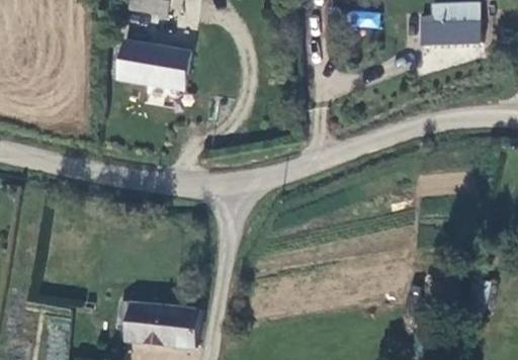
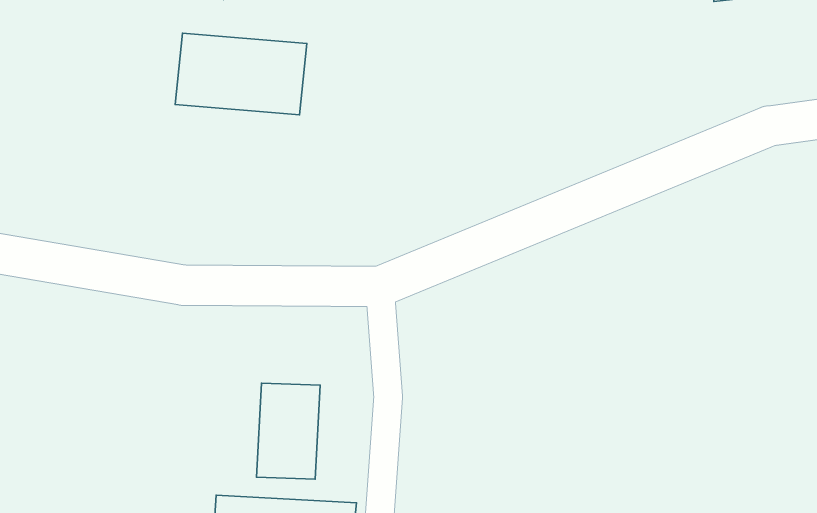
building: none -> [256,383,320,479]

